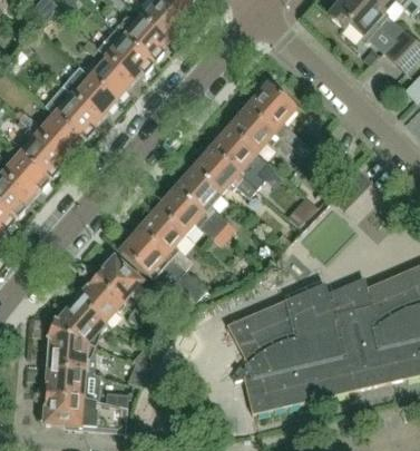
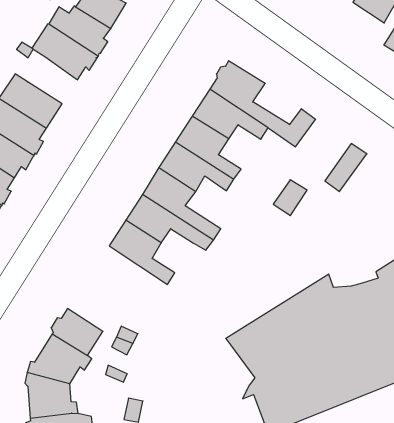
building: [89,56,133,99] -> none
building: [119,228,206,306] -> none
building: [94,257,140,302] -> none

